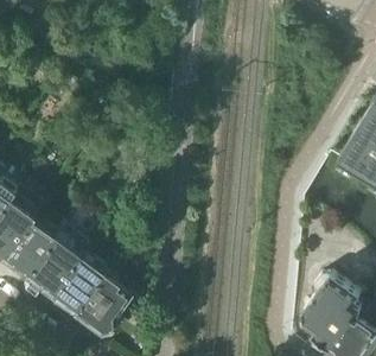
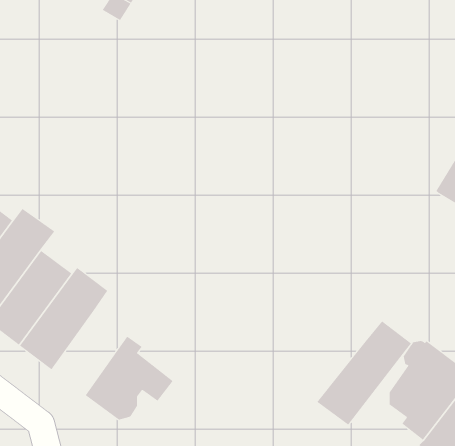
building: [47,252,106,316] -> none
building: none -> [317,321,412,426]

